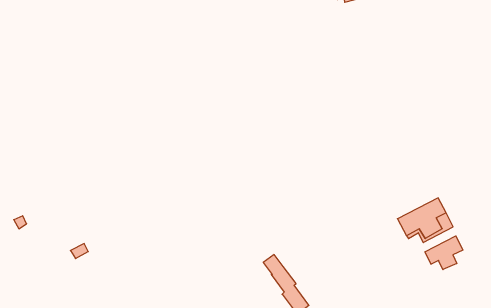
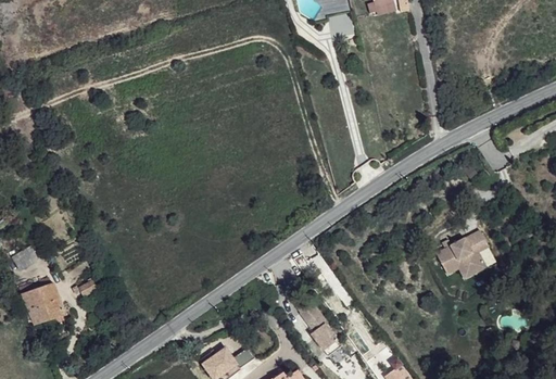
building: [425,236,463,270] -> none
building: none -> [18,276,65,324]

